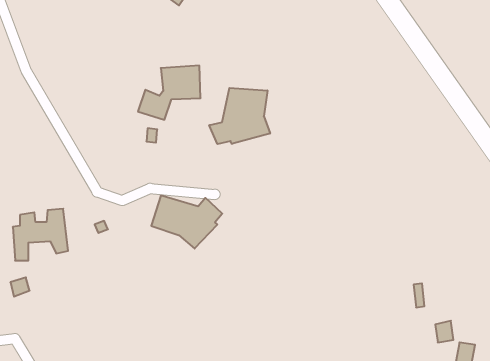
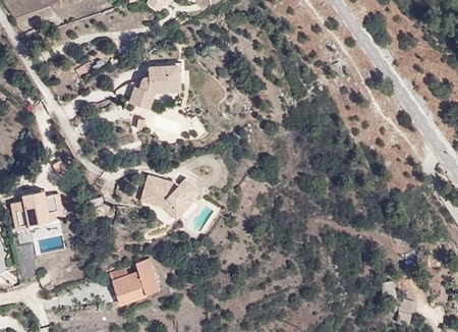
building: [209,88,270,144] -> none
building: none -> [108,259,159,305]

